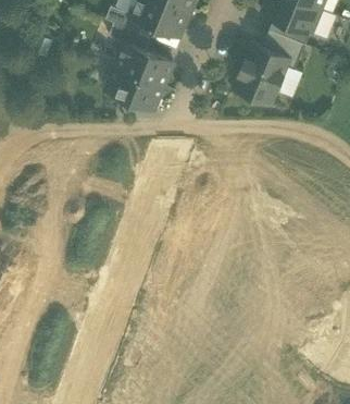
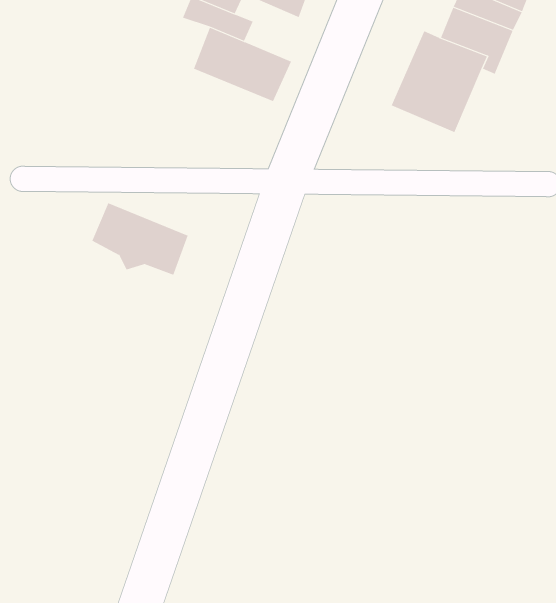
building: [105,66,163,110] -> [92,202,188,276]

